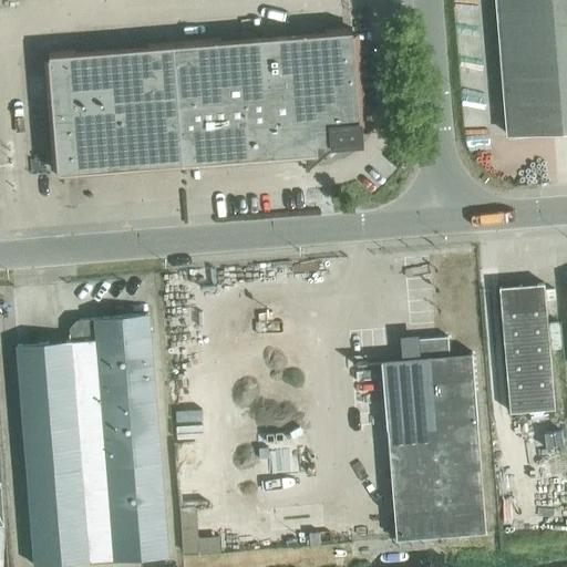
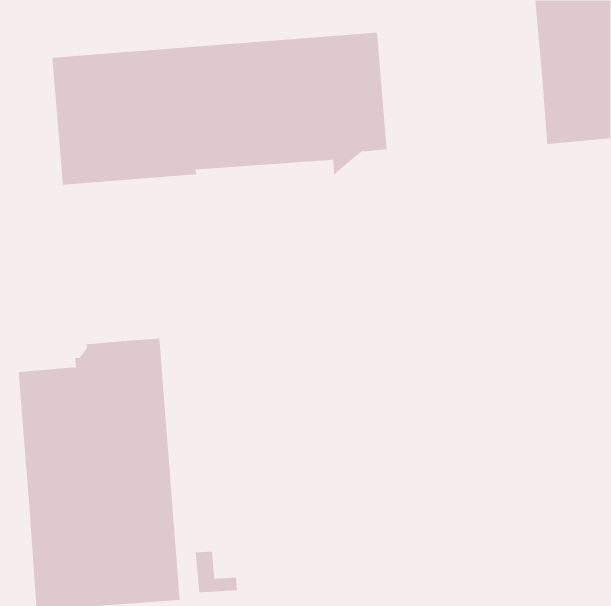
building: [498,288,555,415] -> none
building: [381,341,485,543] -> none

